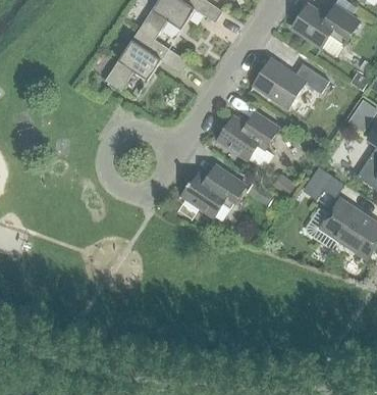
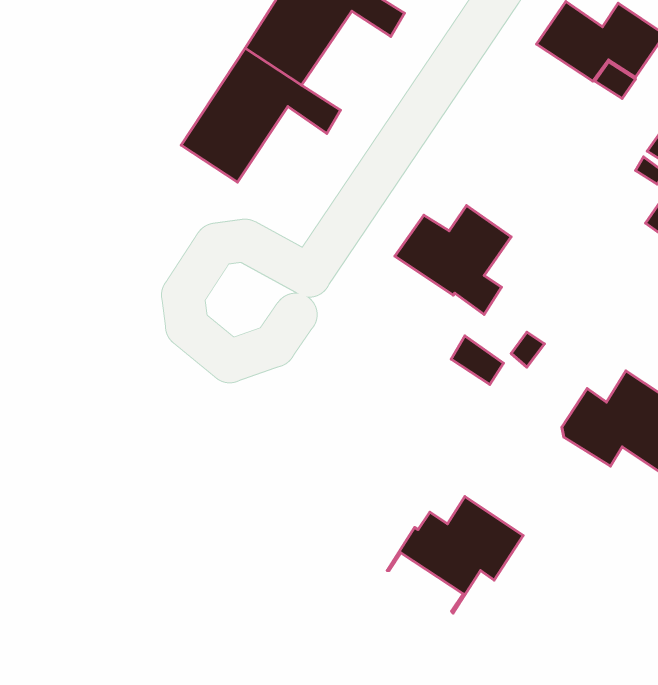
building: [253,59,329,107] -> none
building: [174,164,246,226] -> [387,497,523,613]
building: [304,166,344,198] -> none

